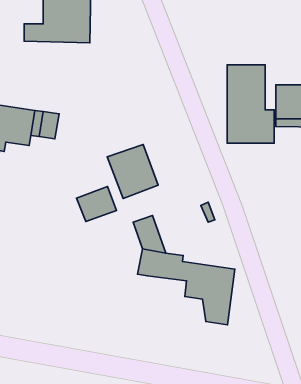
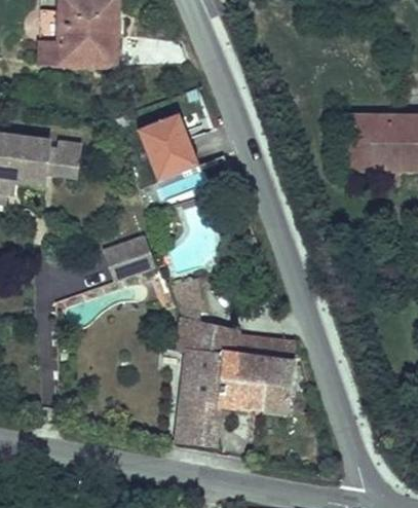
building: [227,65,274,143] -> none
building: [107,144,158,199] -> [137,110,199,177]
building: none -> [176,351,259,451]

